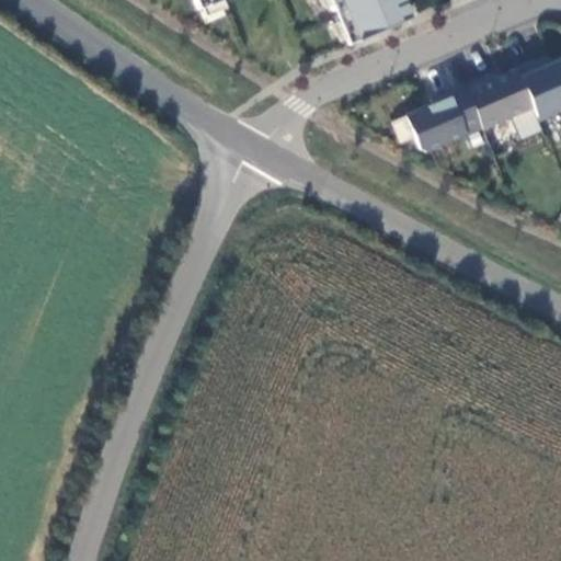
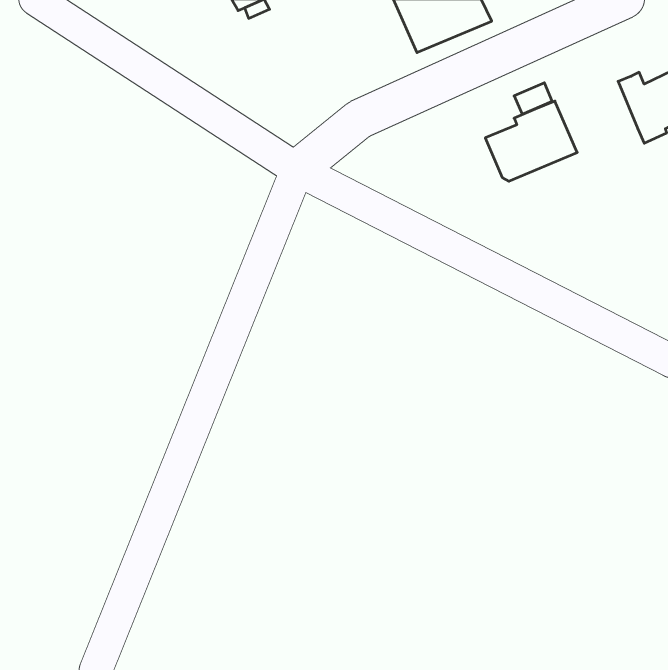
building: [466,68,535,128] -> none

